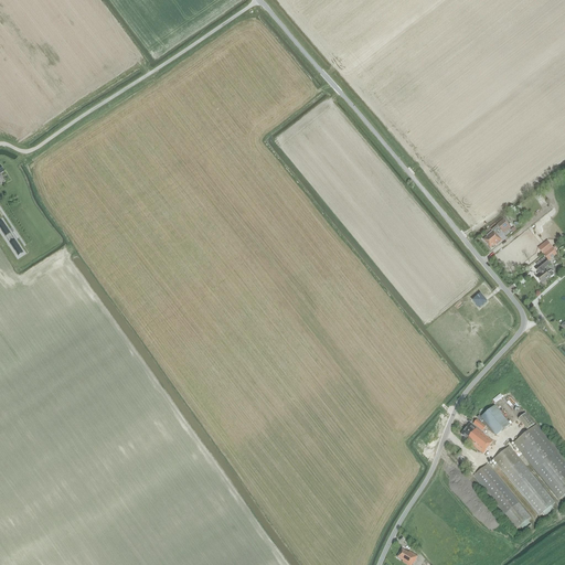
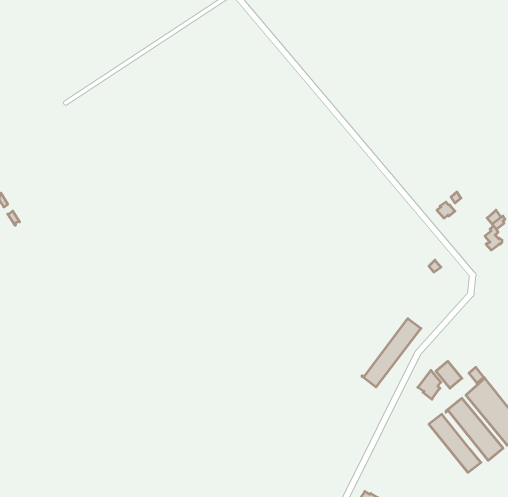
building: none -> [362,319,421,387]

